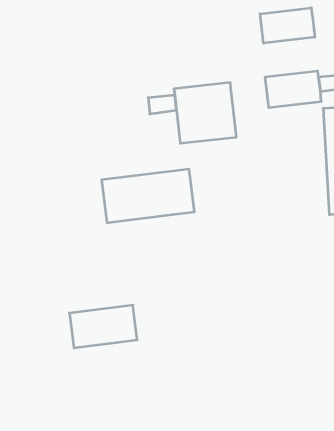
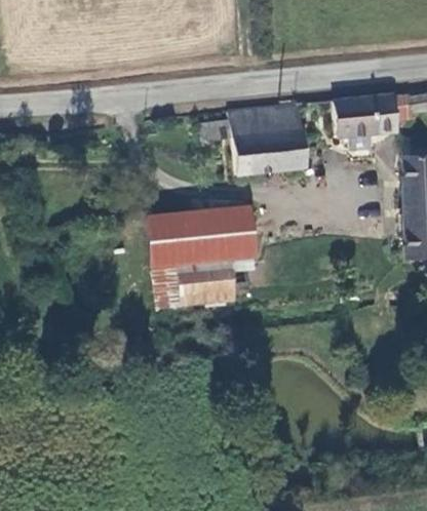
building: [260,8,315,43] -> none
building: [69,305,137,348] -> [155,258,233,307]

